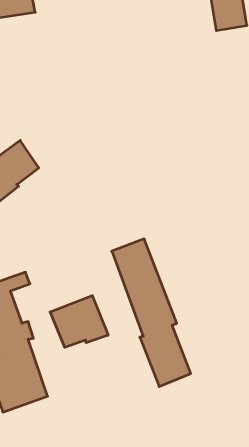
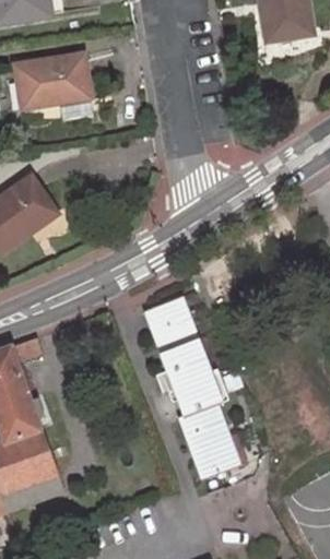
building: none -> [12,52,93,119]
building: [50,296,108,347] -> none

